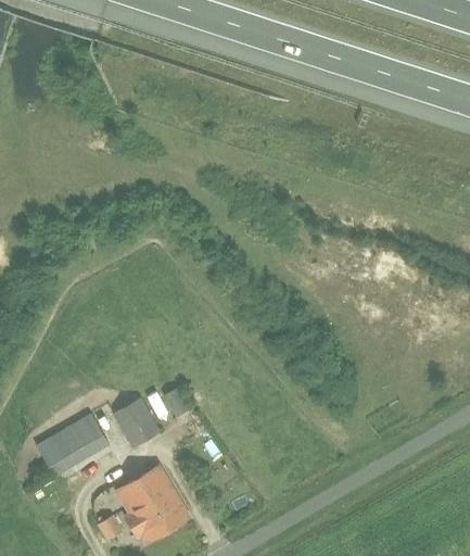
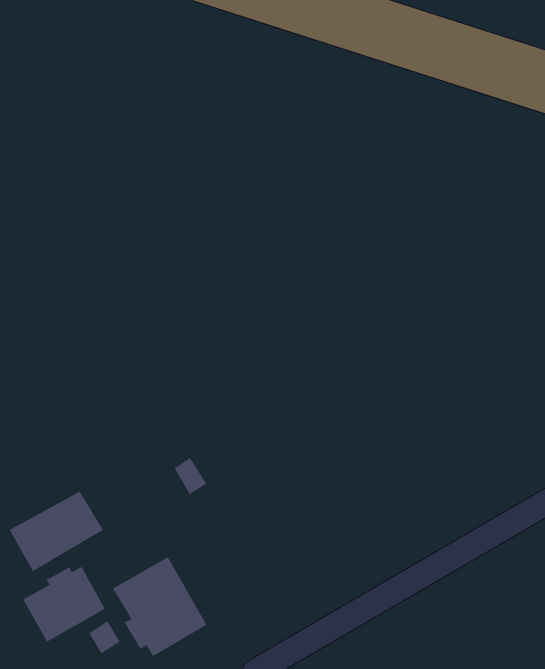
building: [113,397,161,447] -> none
building: none -> [22,566,106,642]

